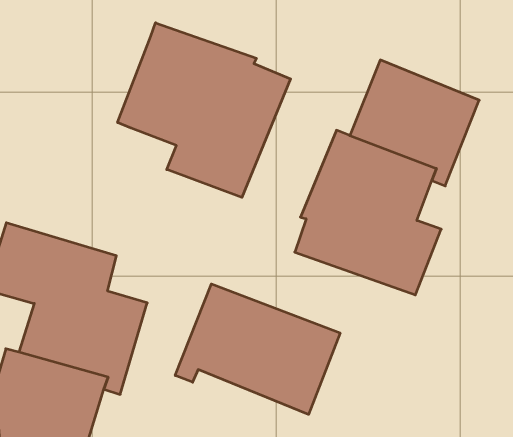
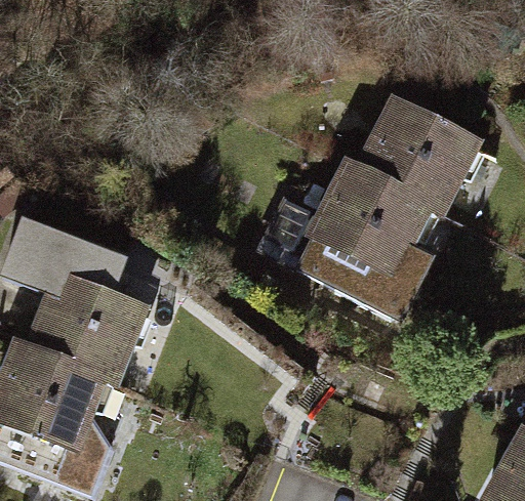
building: [118,23,291,197] -> none
building: [175,284,340,414] -> none

